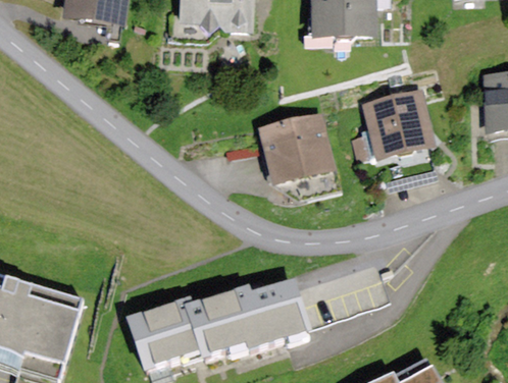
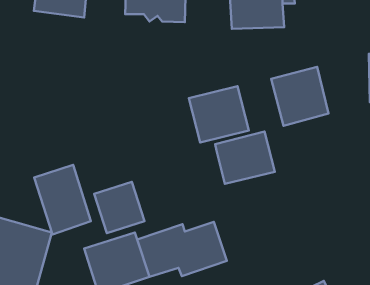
building: none -> [215,132,275,184]
building: none -> [34,165,91,235]
building: none -> [94,182,145,233]

